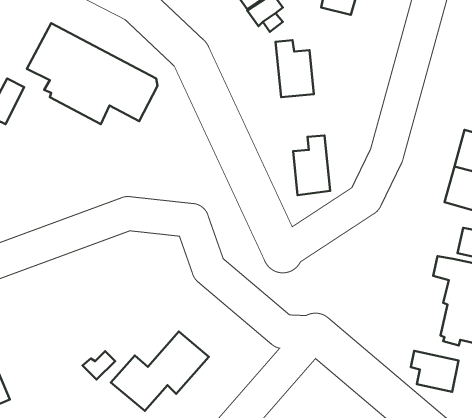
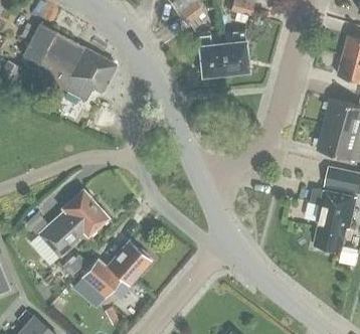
building: [293,136,330,195] -> [222,31,248,73]
building: none -> [38,189,109,258]
building: [411,351,458,392] -> none

